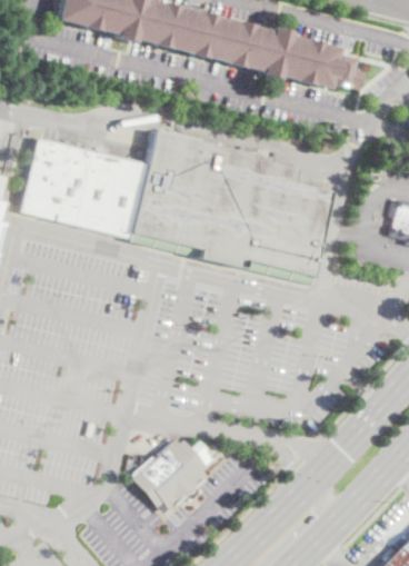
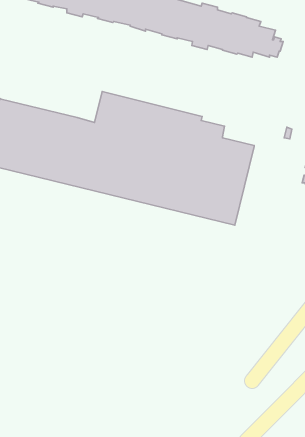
building: [131,438,208,514] -> none

